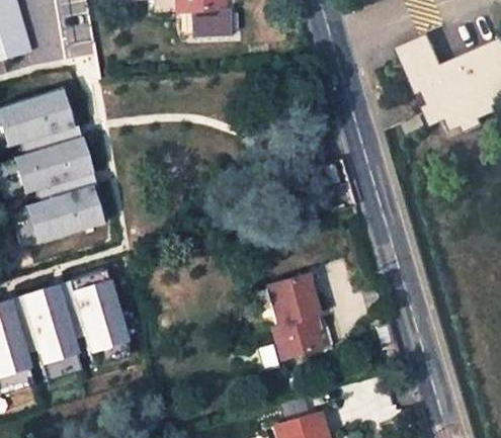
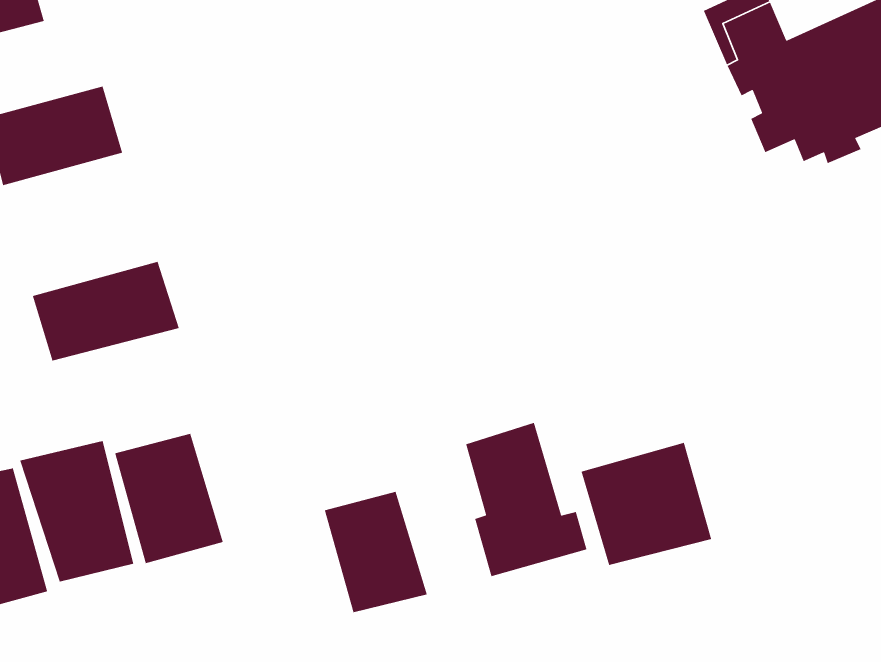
building: [15,138,93,193] -> none
building: none -> [580,442,712,566]
building: none -> [324,491,428,613]

